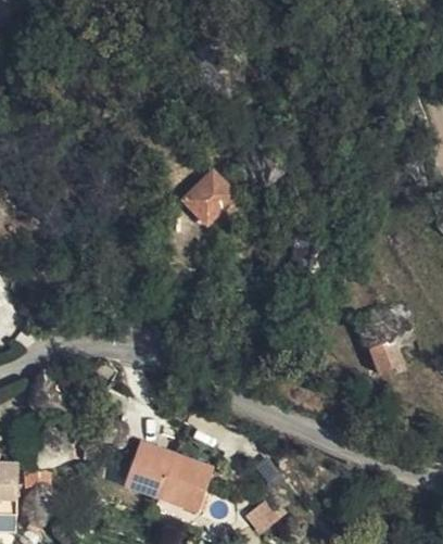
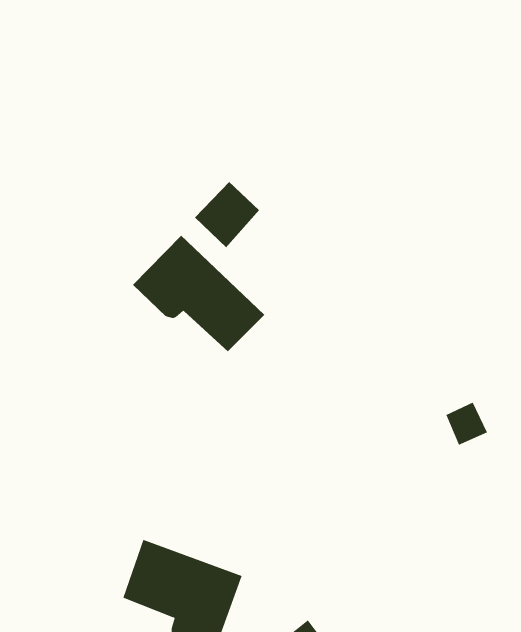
building: none -> [132,235,265,352]

